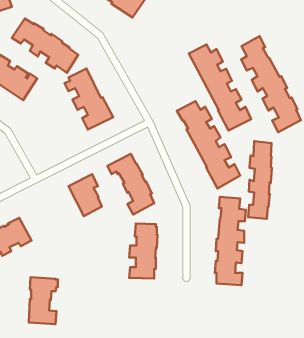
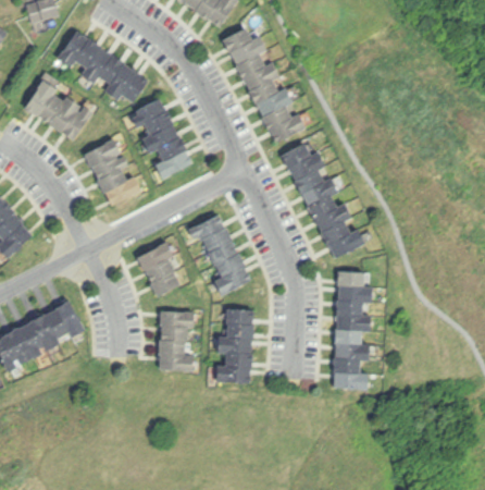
building: [241,36,301,132] -> none
building: [189,44,251,130] -> [222,28,306,144]
building: none -> [80,138,142,209]
building: [248,141,272,219] -> none
building: [29,277,58,324] -> [156,310,195,373]

